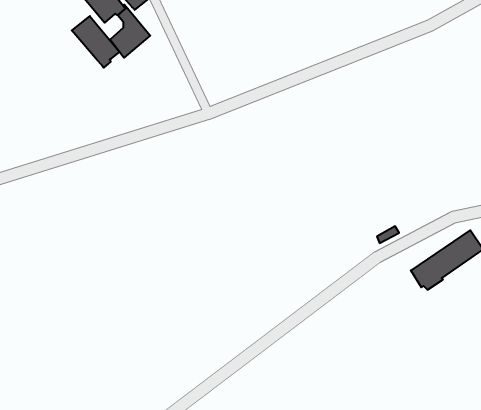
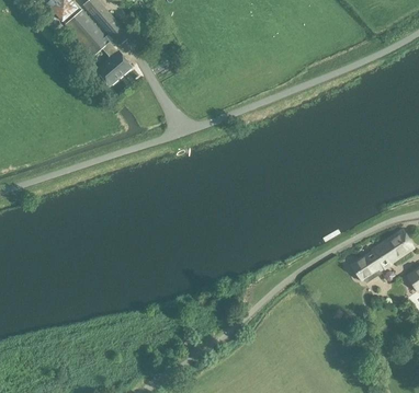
building: [72,16,120,68] -> none

